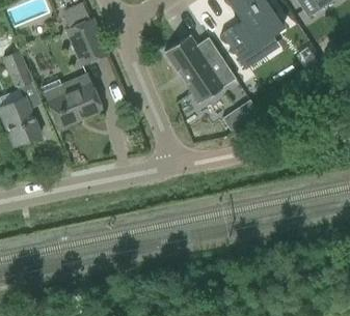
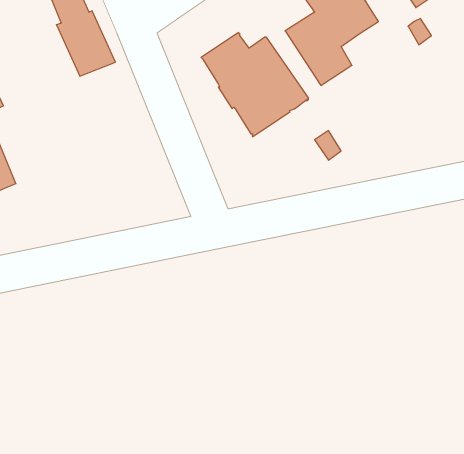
building: [44,76,102,127] -> none

